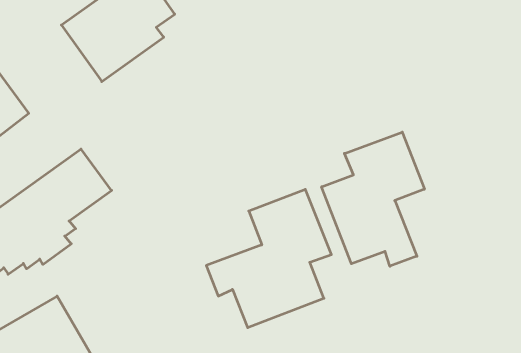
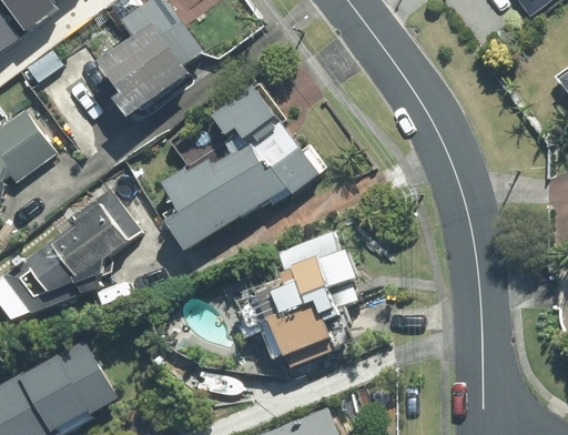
building: none -> [163,82,325,251]
building: [322,132,424,266] -> none

